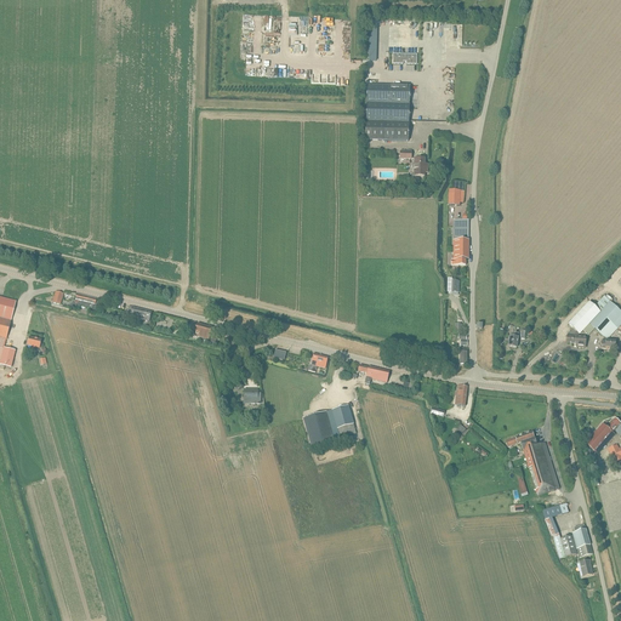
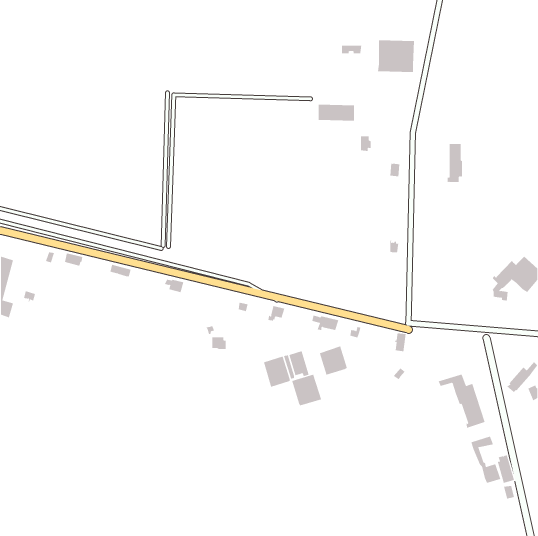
building: [366,84,410,121] -> [377,40,415,72]
building: [451,218,469,263] -> [447,143,463,182]
building: none -> [319,346,347,375]
building: none -> [292,374,322,406]

